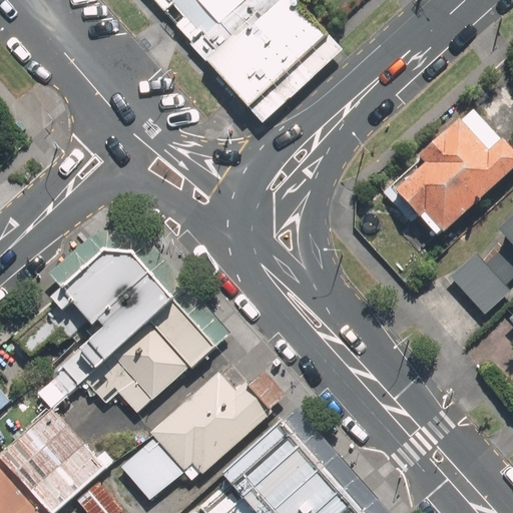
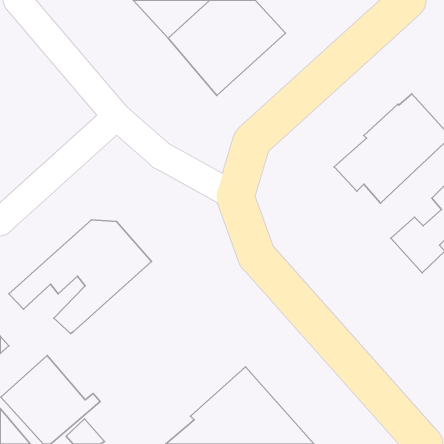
building: [85,302,214,412] -> none
building: [120,374,272,499] -> none

